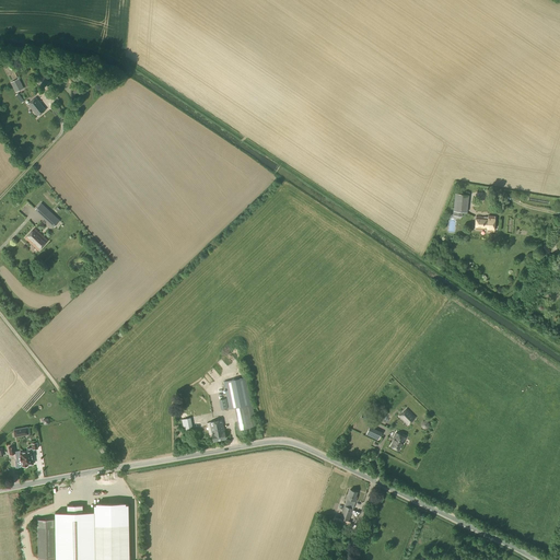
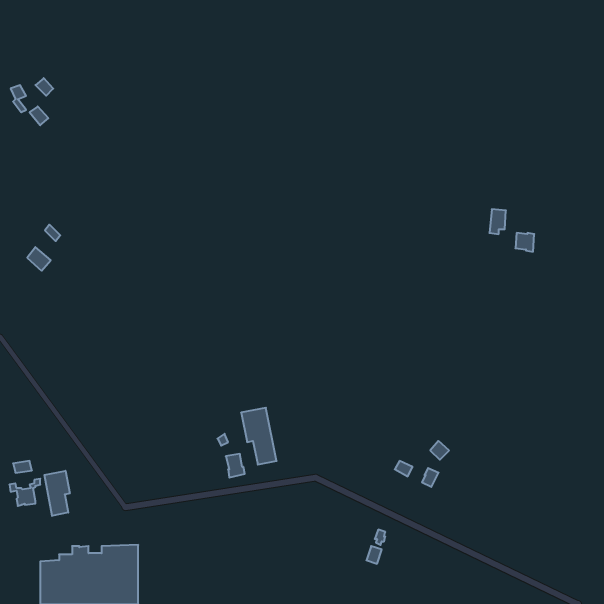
building: none -> [44,471,70,516]

